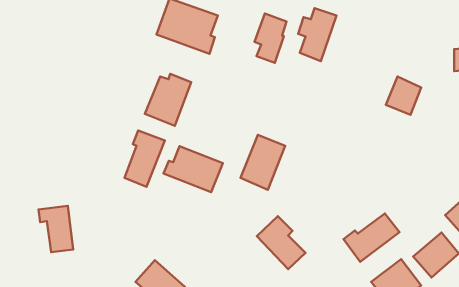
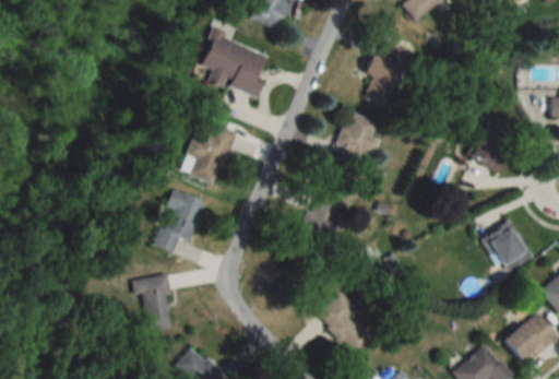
building: [255,13,287,63] -> [340,110,378,169]
building: [164,146,223,192] -> none
building: none -> [484,220,533,272]
building: [39,206,73,252] -> [133,275,175,331]
building: [343,214,399,262] -> none

